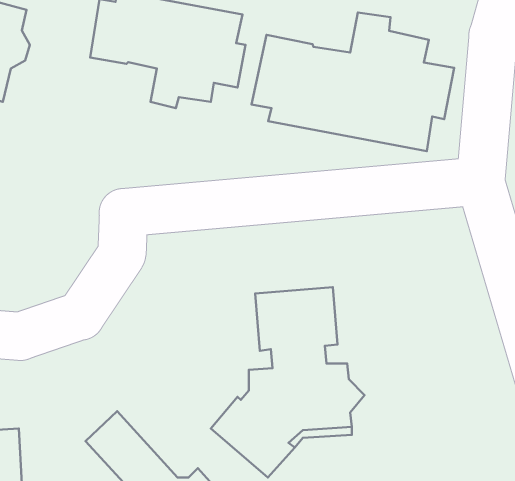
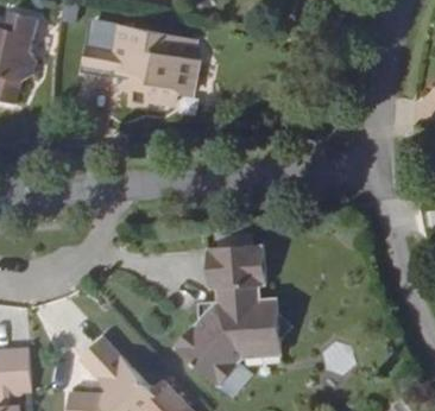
building: [251,13,454,151] -> none

